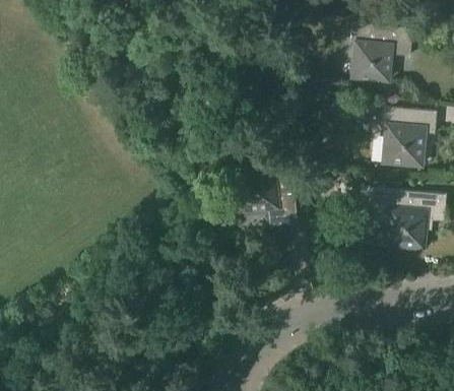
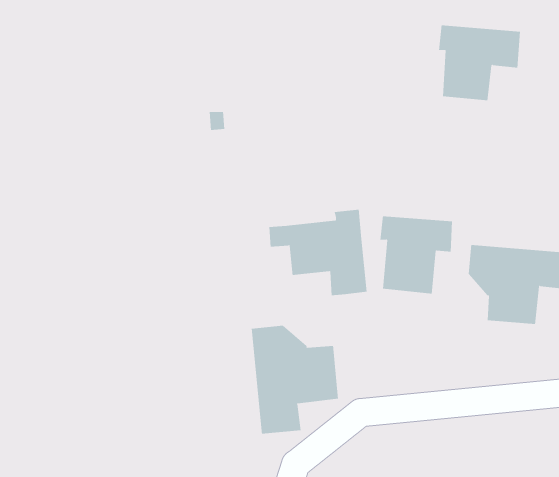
building: [381,109,436,168] -> [380,216,453,294]
building: none -> [251,325,339,434]

